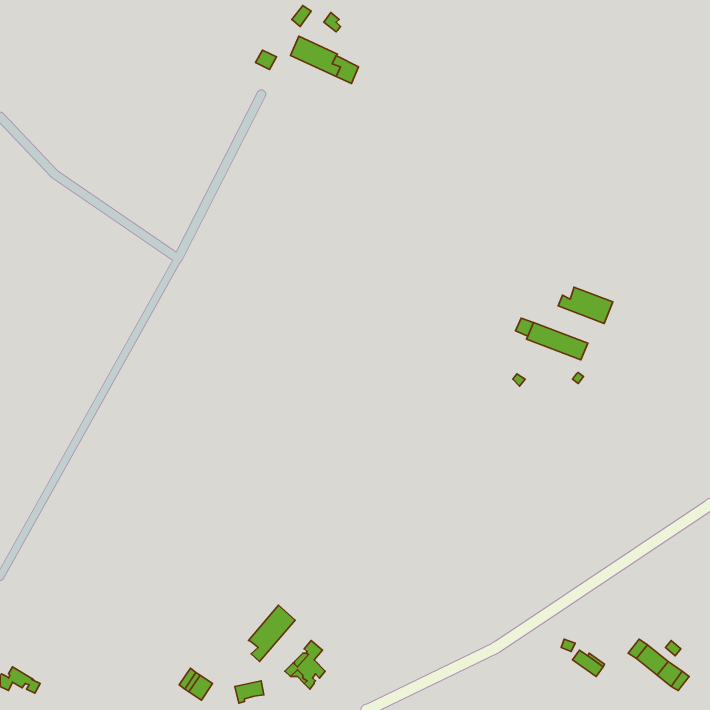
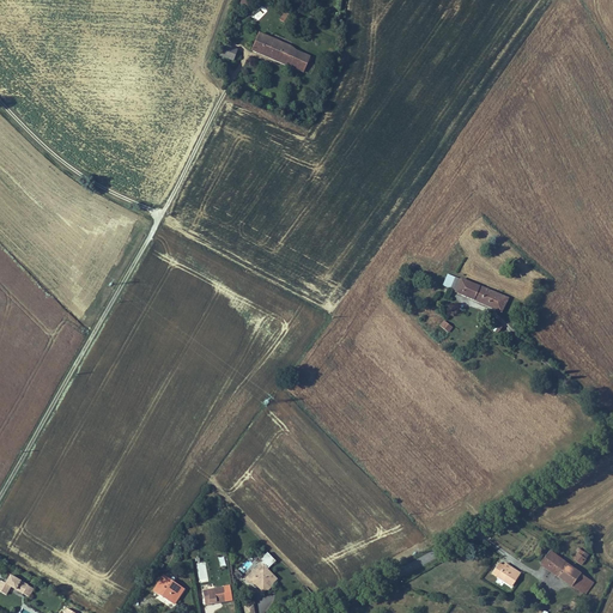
building: [558,287,613,324] -> none
building: [248,605,295,662] -> none

